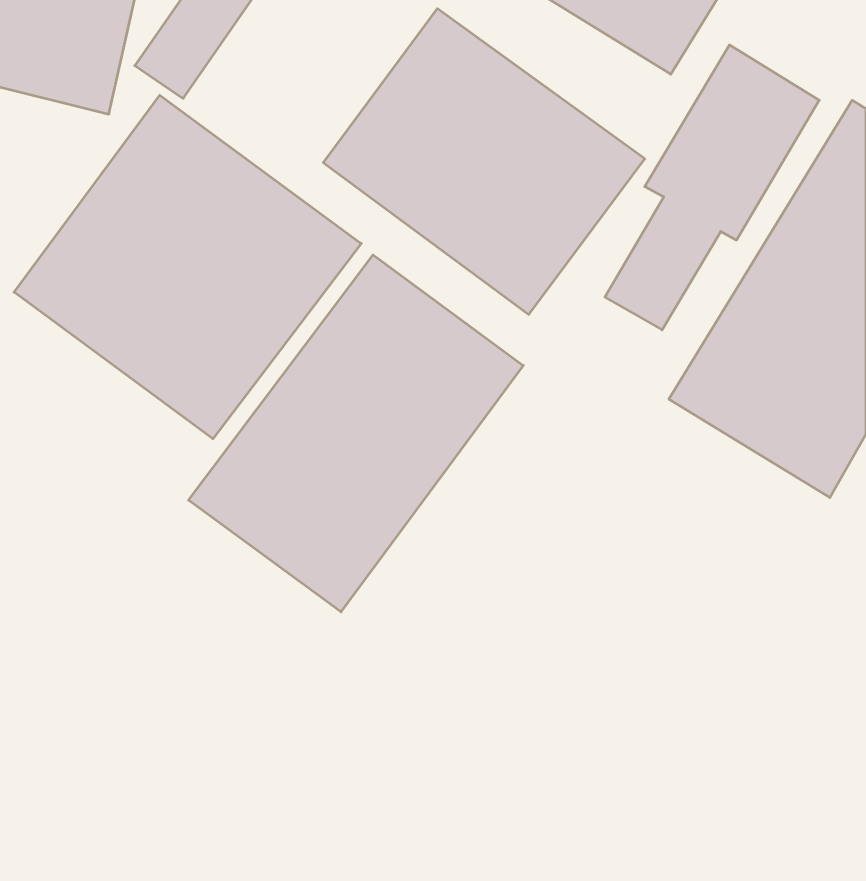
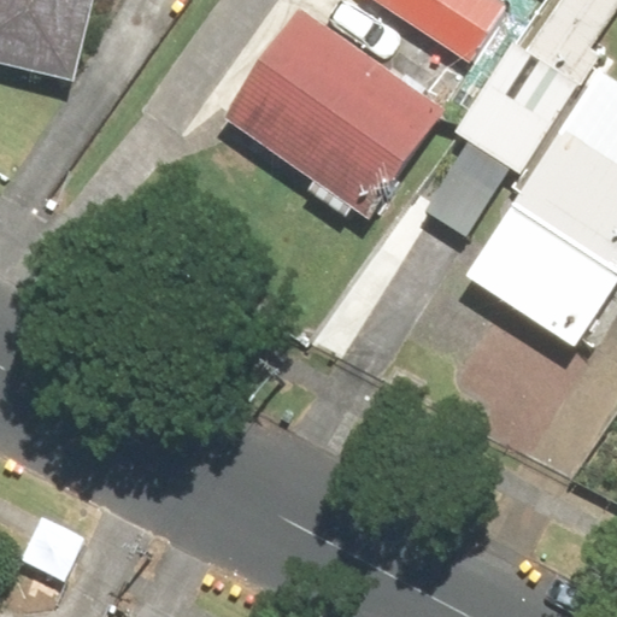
building: [14,95,361,439] -> none
building: [189,255,523,612] -> none

